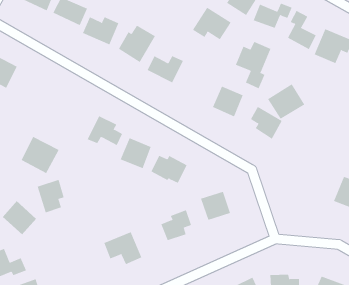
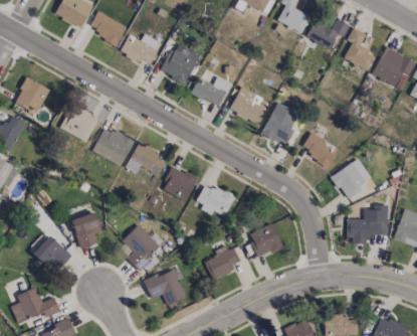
building: [192,7,232,40] -> none
building: [235,41,271,89] -> none
building: none -> [229,86,268,123]
building: none -> [60,105,99,142]
building: [267,83,305,119] -> [332,158,373,197]
building: [21,136,60,174] -> [92,125,135,166]
building: none -> [347,204,388,240]
building: none -> [122,224,161,270]

